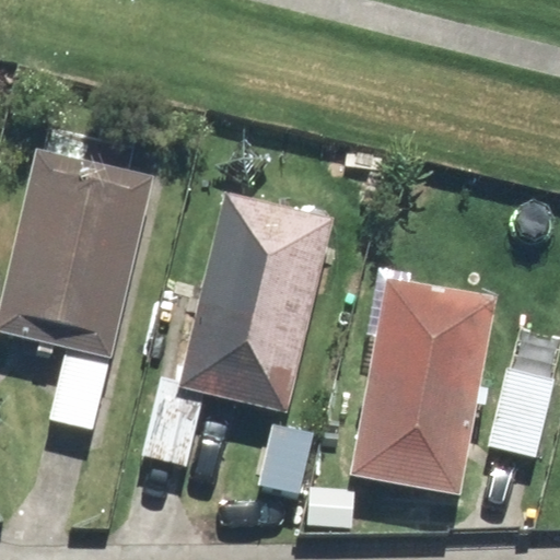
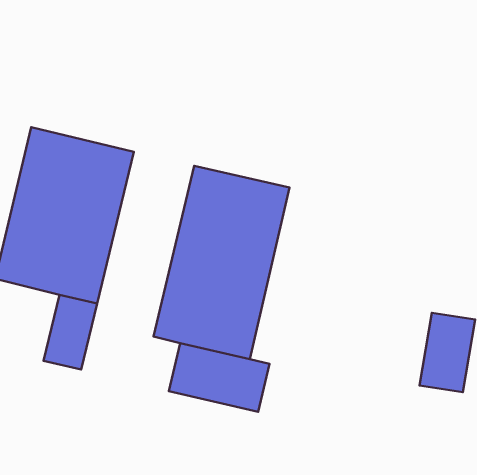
building: [350,281,490,491] -> none

